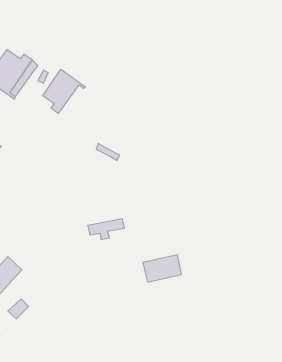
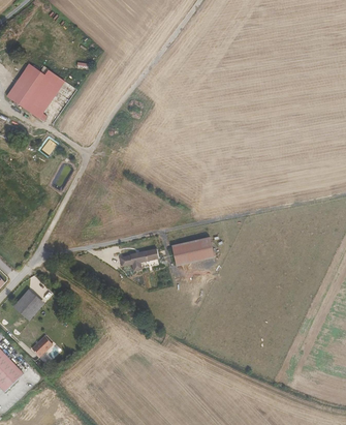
building: [43,69,85,113] -> none
building: [143,255,181,282] -> [174,237,216,267]

